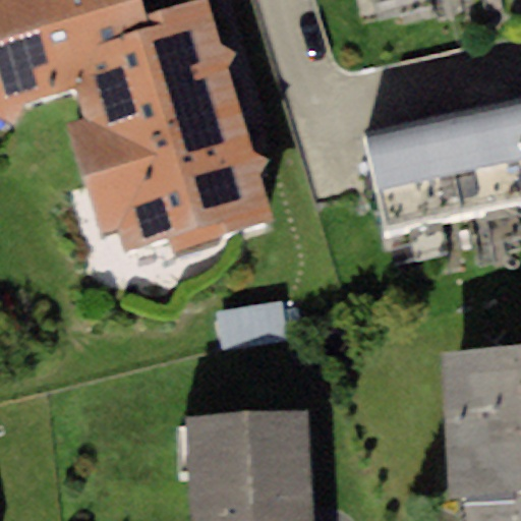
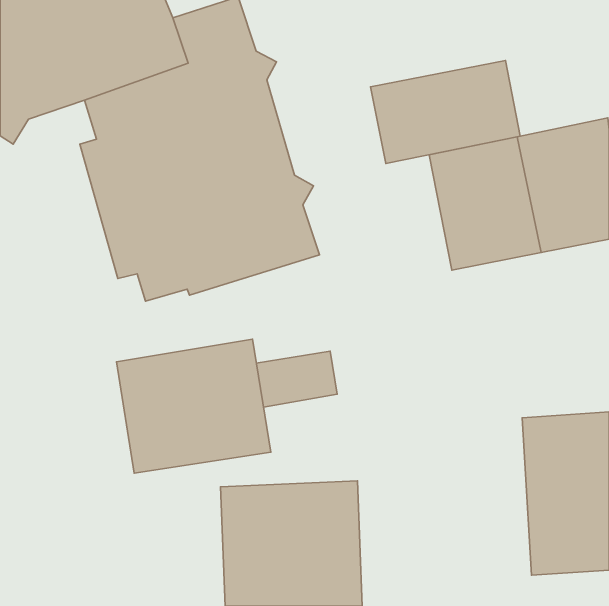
building: none -> [370,60,520,164]
building: none -> [116,339,271,473]

